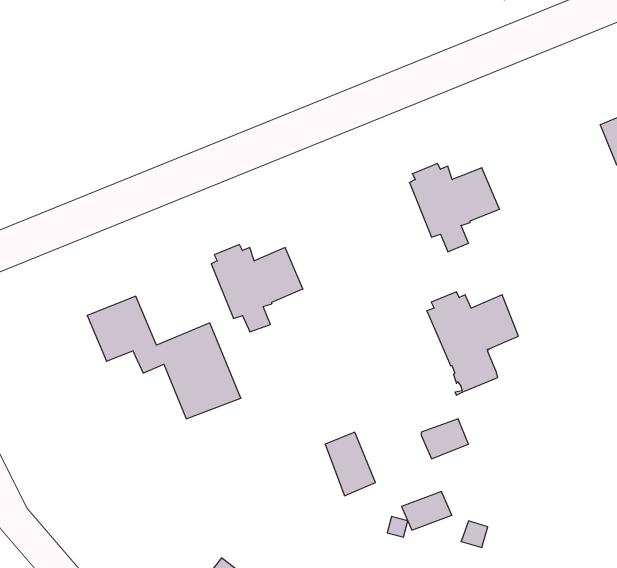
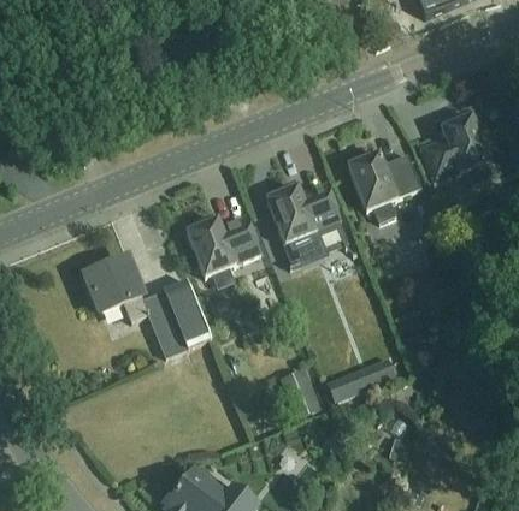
building: none -> [420,112,490,183]
building: [427,292,518,395] -> [266,183,341,267]
building: [402,492,452,530] -> [325,370,366,402]

